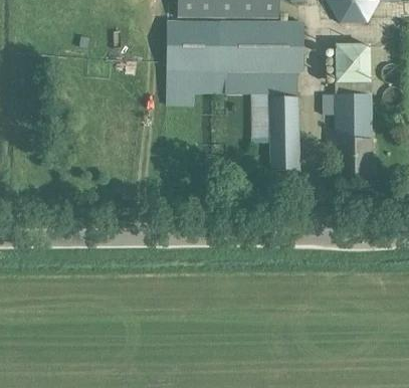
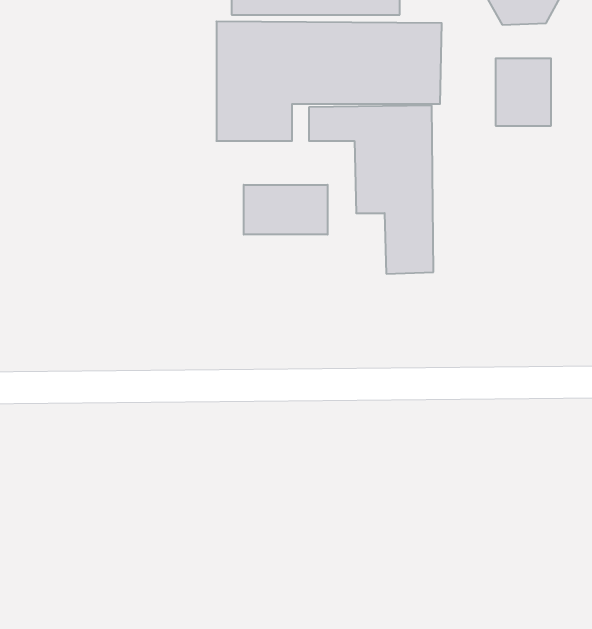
building: [322,93,372,177] -> none
building: none -> [244,185,328,235]

